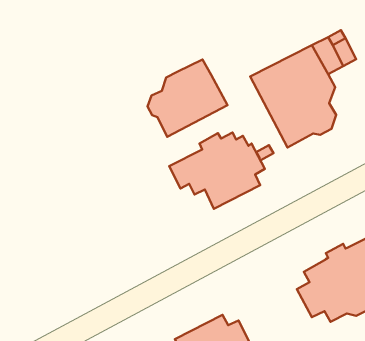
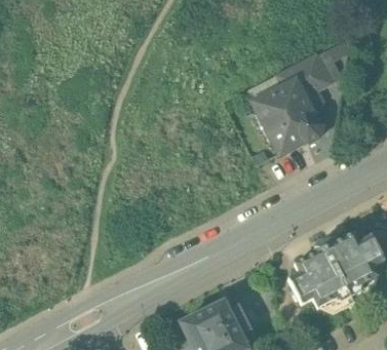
building: [147,59,227,137] -> none
building: [169,132,265,209] -> none

